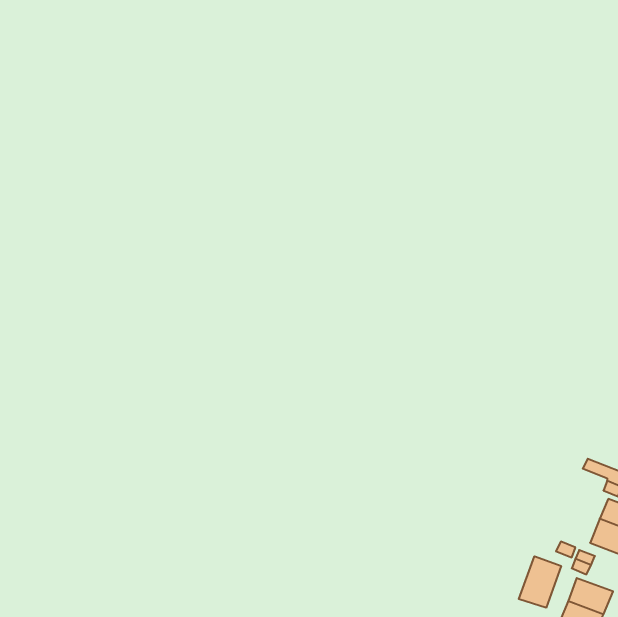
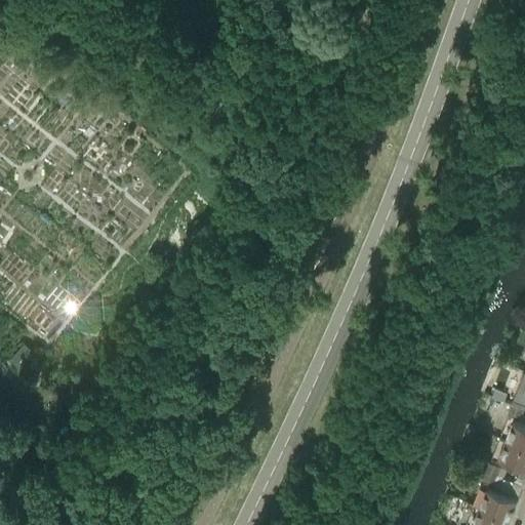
building: [519,556,561,608] -> none

